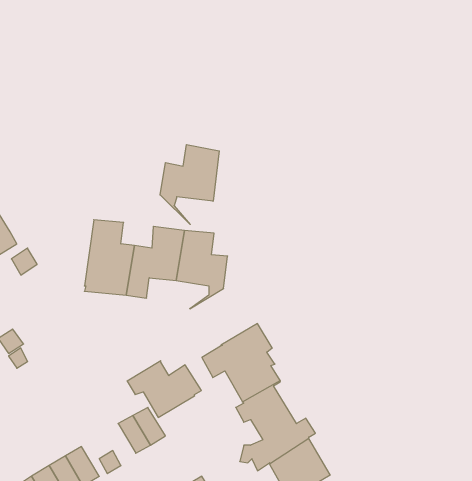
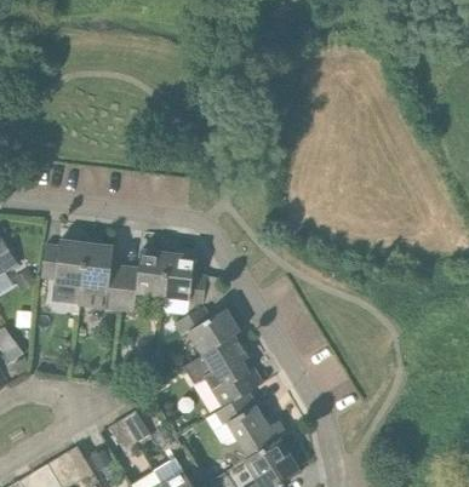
building: [160,145,219,224] -> none
building: none -> [40,239,86,302]
building: [127,361,201,417] -> [172,304,239,355]

